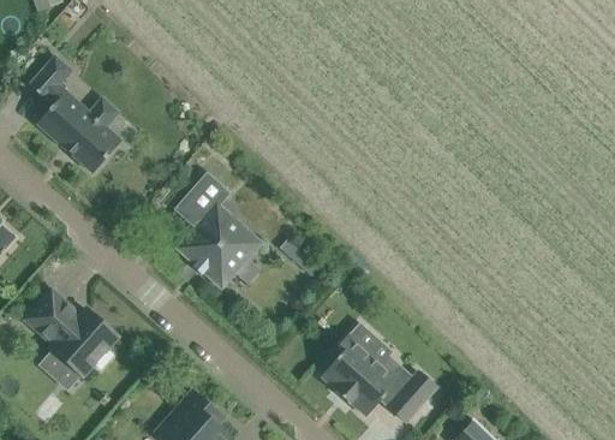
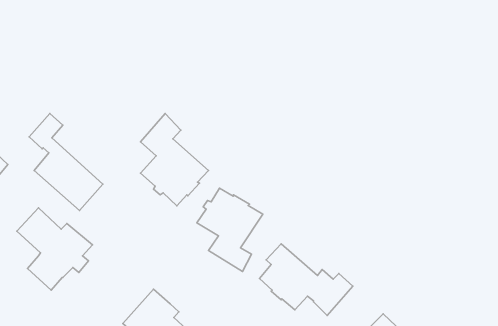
building: [31,54,121,173] -> [29,113,103,211]
building: none -> [197,188,263,272]

